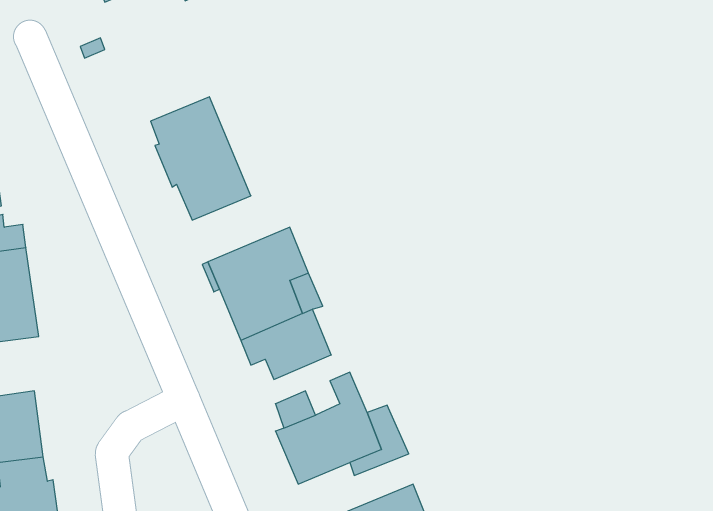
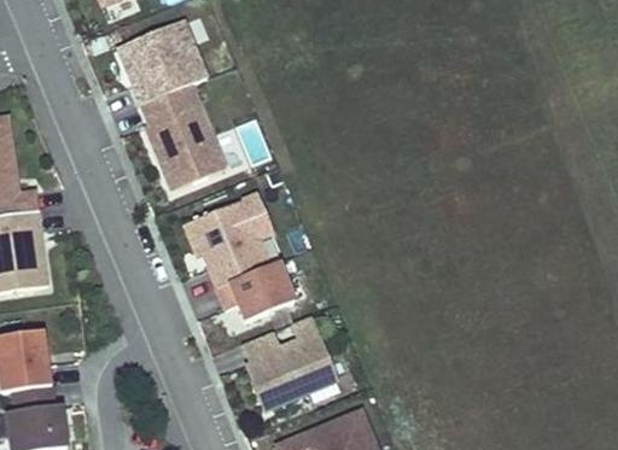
building: none -> [116,19,205,104]

